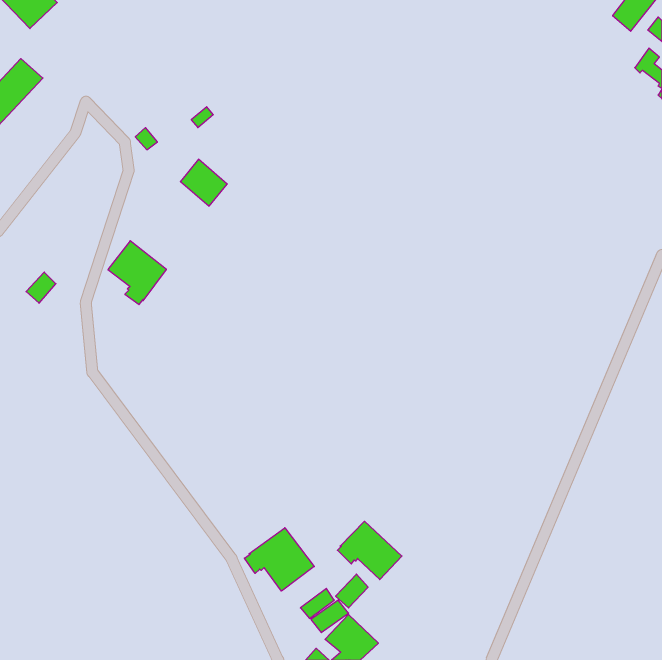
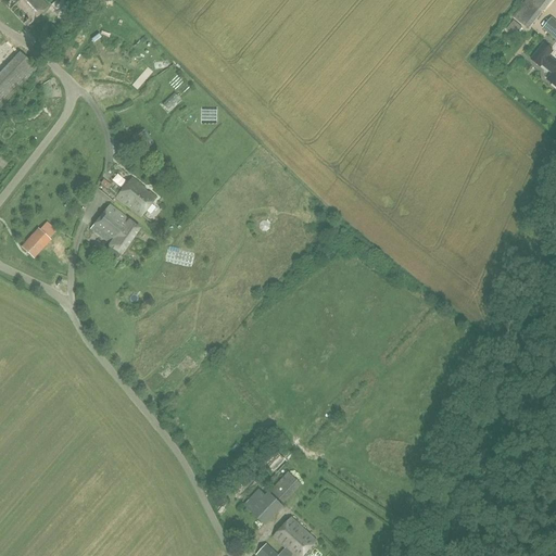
building: [180,159,227,206] -> [115,175,154,214]
building: [337,521,402,580] -> none
building: [244,528,314,591] -> none

